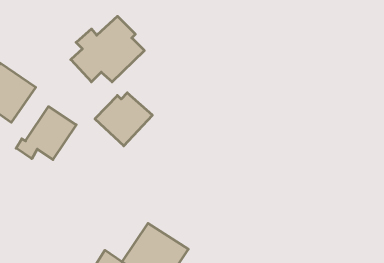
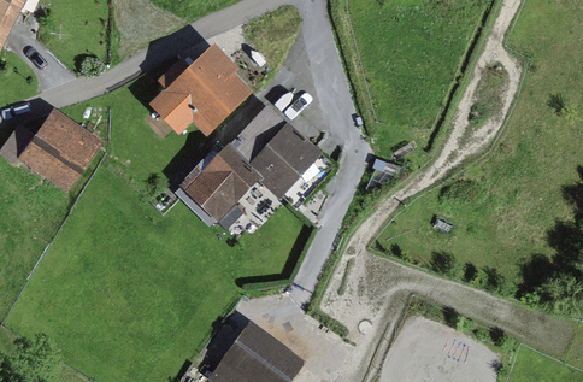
building: none -> [224,105,317,198]
building: [16,107,76,160] -> none

